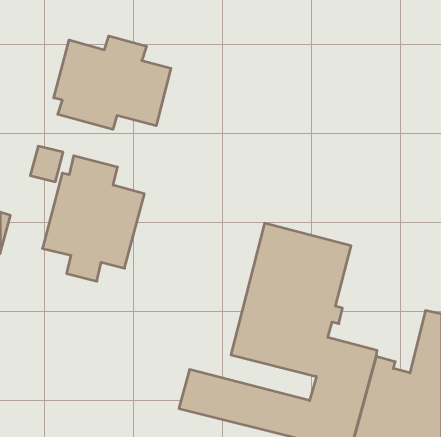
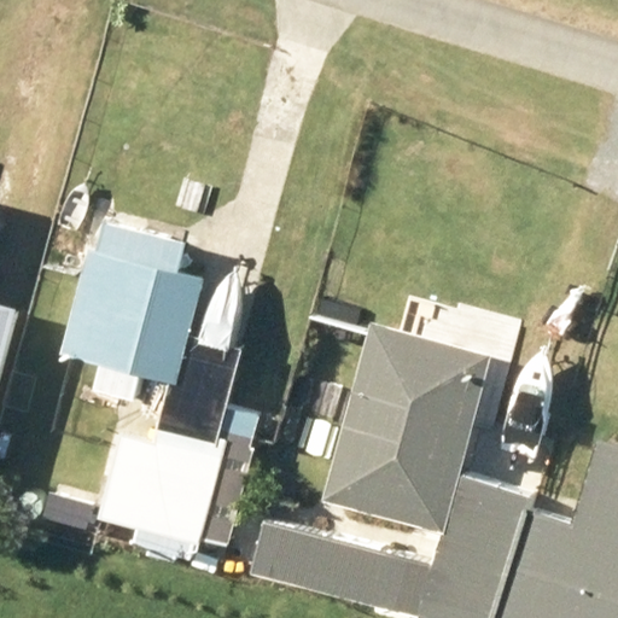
building: [54,36,171,129] -> none
building: none -> [100,409,258,560]

